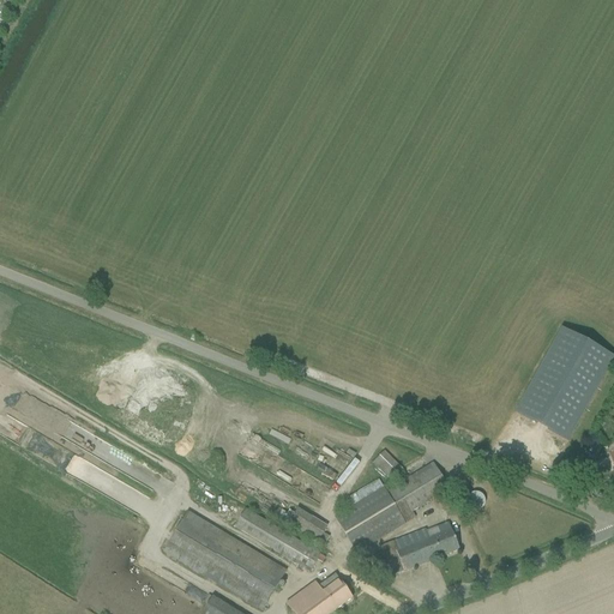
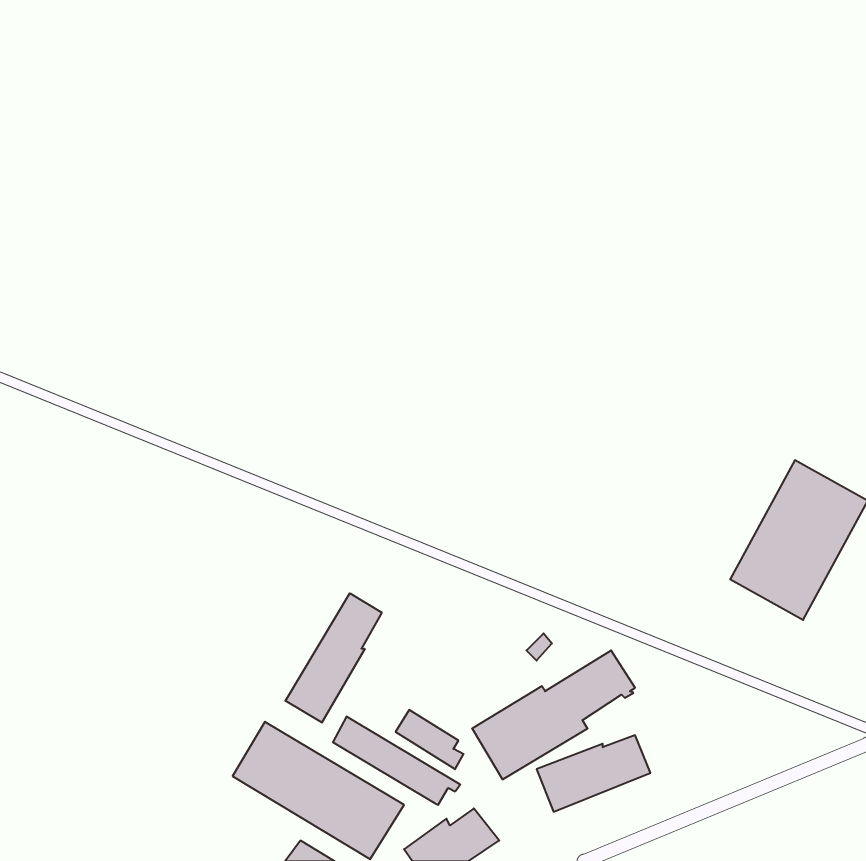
building: none -> [285,593,382,723]

